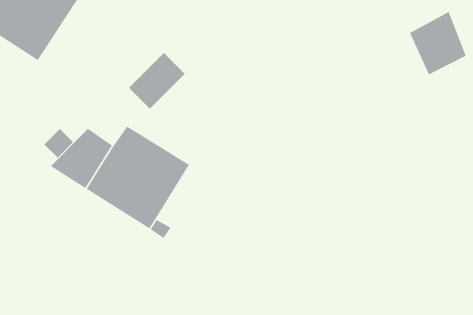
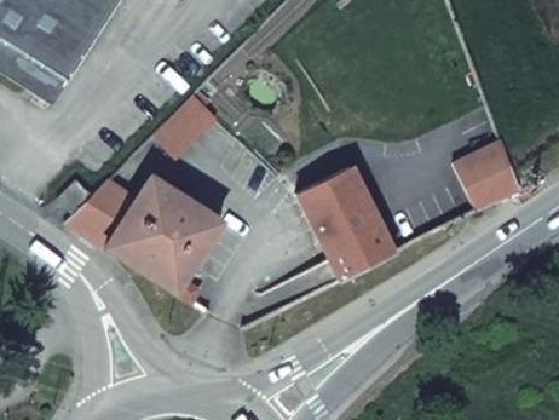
building: [409,11,466,75] -> [454,138,518,209]
building: none -> [295,165,393,278]

